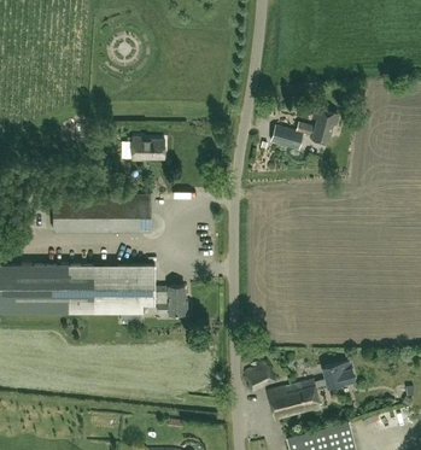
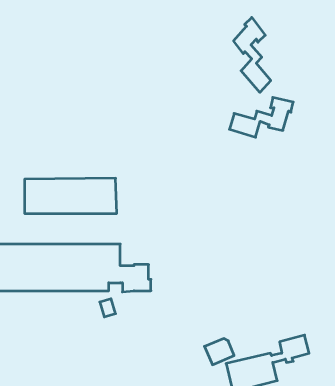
building: none -> [234,17,271,92]
building: [131,139,164,162] -> none

